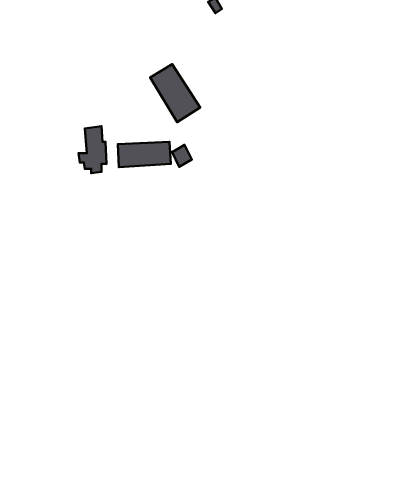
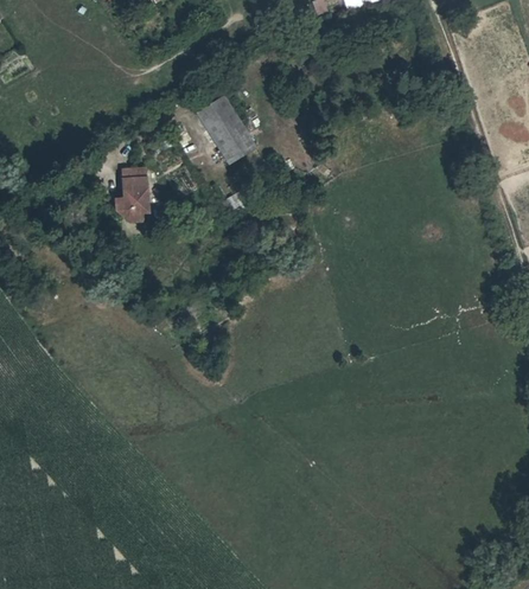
building: [118,142,171,167] -> none

